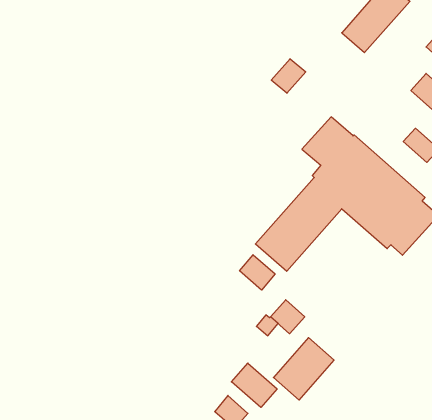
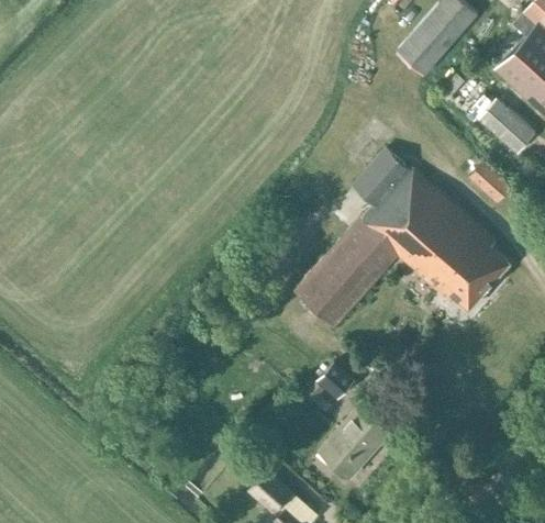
building: [271,59,306,93] -> none
building: [240,255,275,290] -> none
building: [231,363,277,407] -> none

